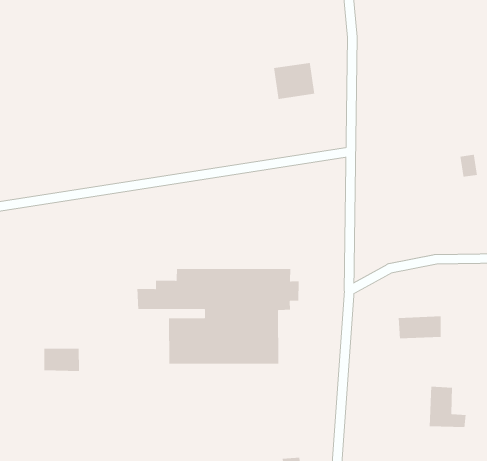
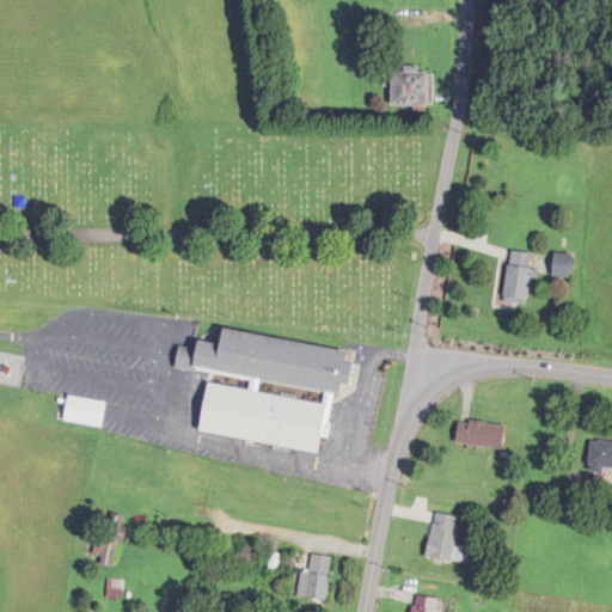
building: [273,62,315,100] -> [388,69,430,105]
building: none -> [501,250,530,304]
building: [429,386,467,428] -> [424,512,467,563]

